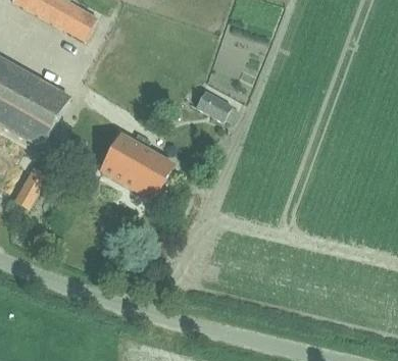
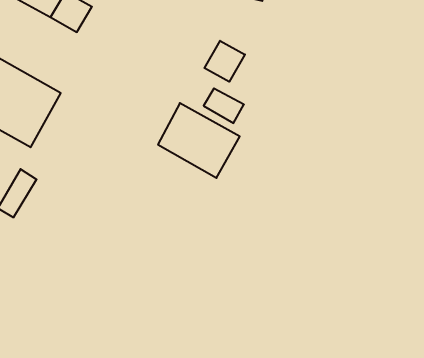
building: none -> [204,41,245,82]
building: [101,132,173,198] -> [158,103,240,178]

